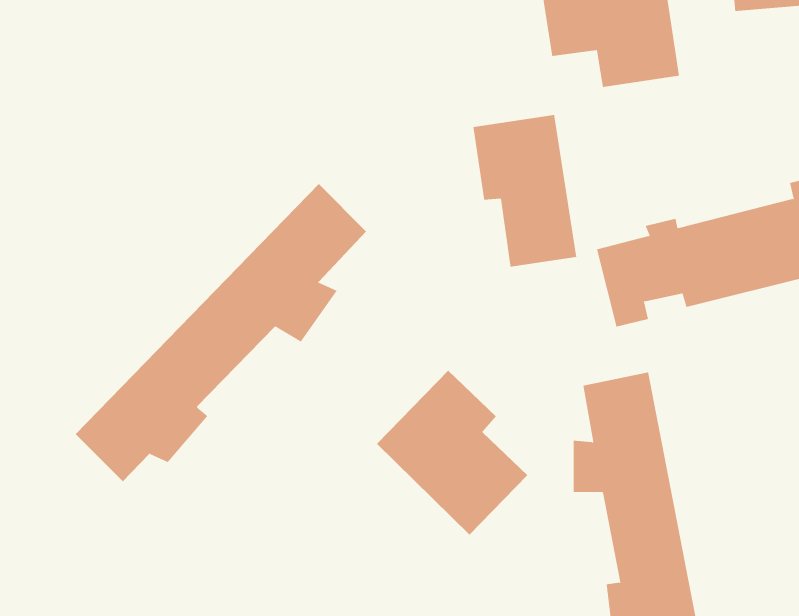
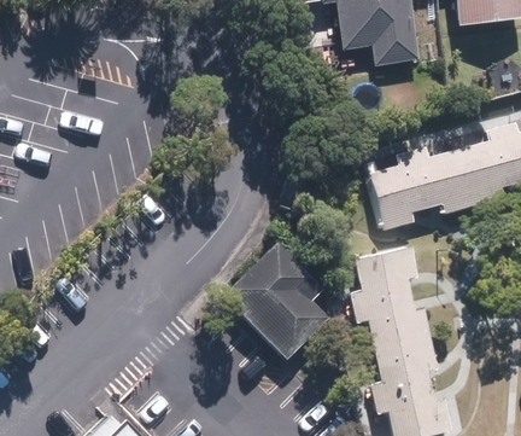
building: [473,114,577,267] -> none
building: [75,183,367,482] -> none

